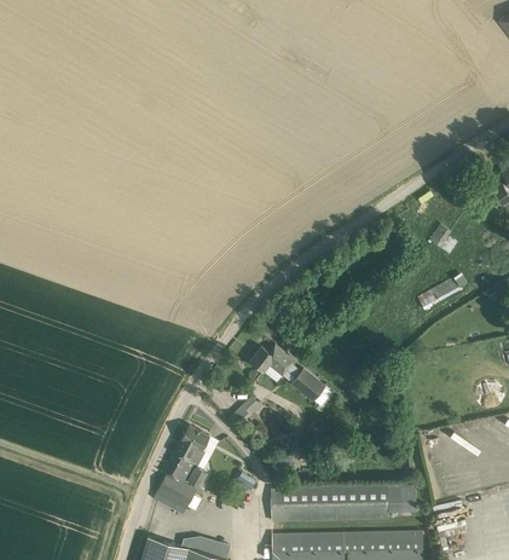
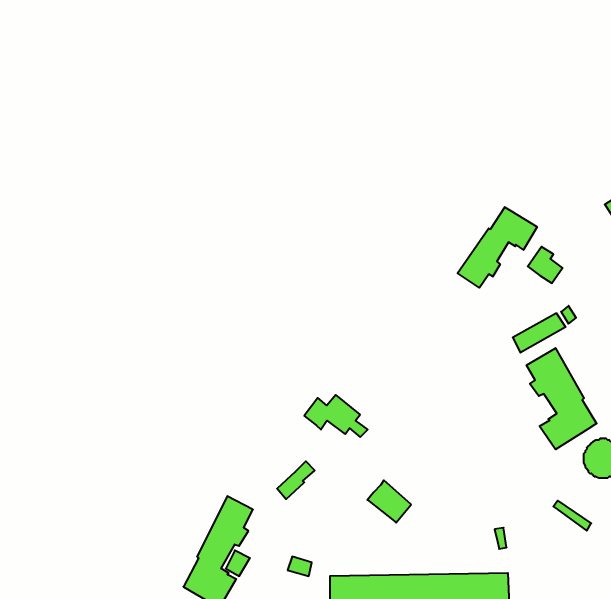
building: none -> [458,207,537,288]
building: none -> [527,348,597,449]
building: [290,368,325,402] -> [367,480,411,523]

